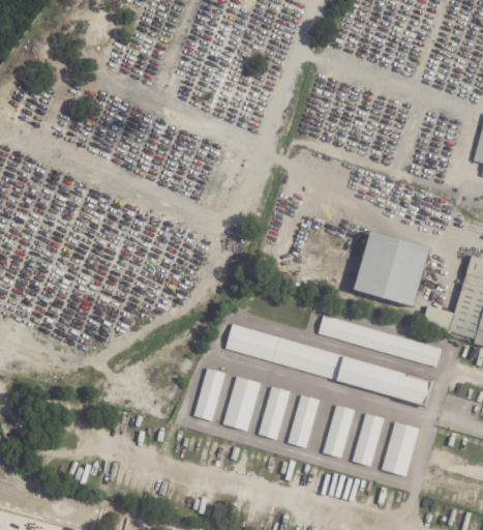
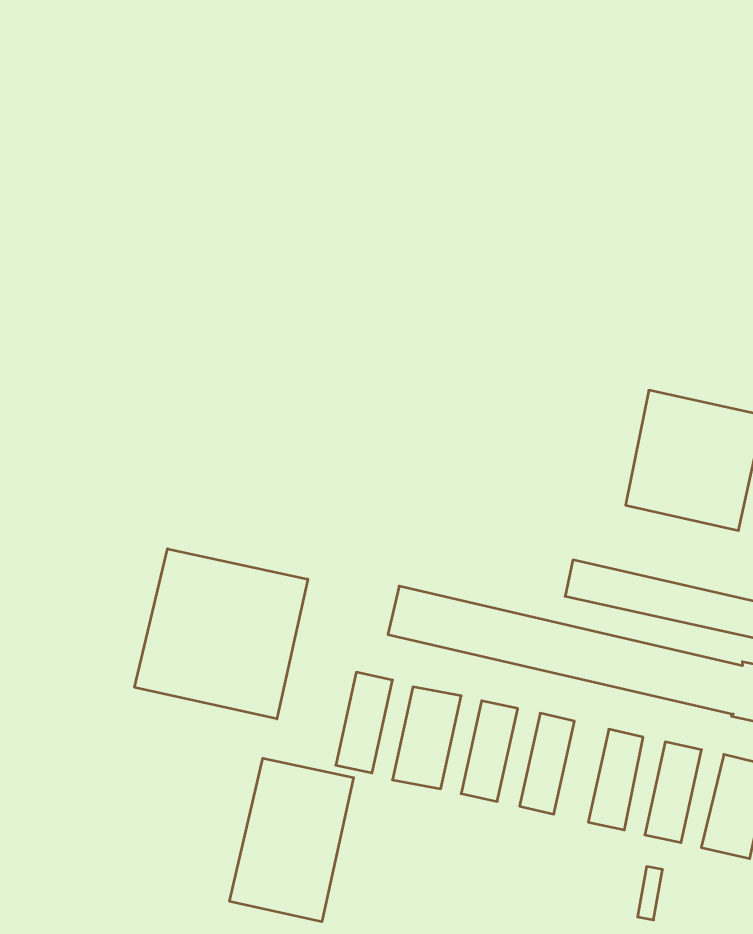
building: none -> [135,549,308,719]
building: none -> [230,758,354,922]

